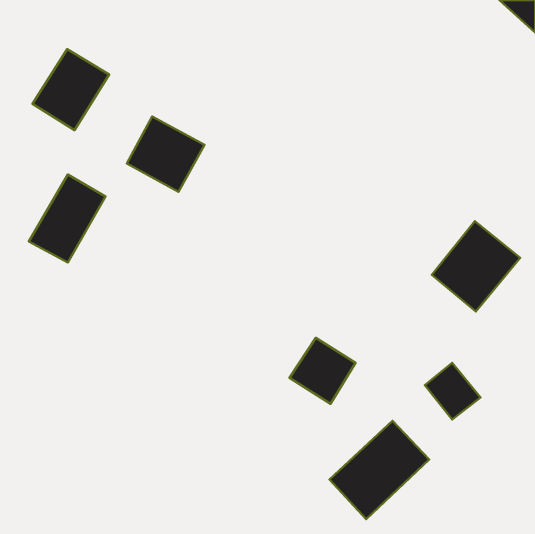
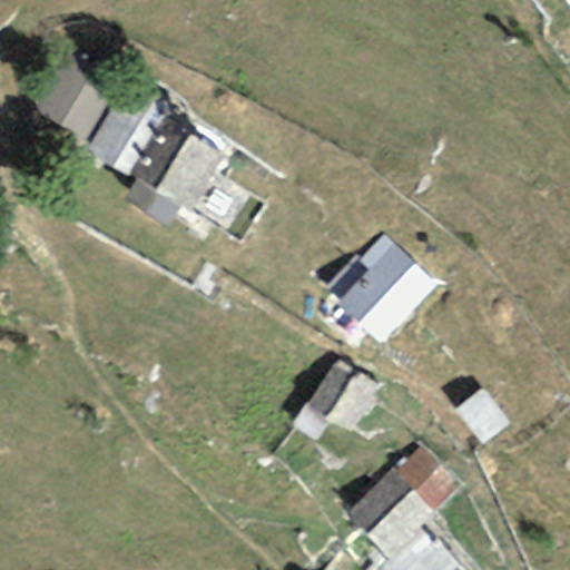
building: [29,174,106,263] -> [85,80,166,174]
building: [432,221,520,311] -> [337,244,431,340]

